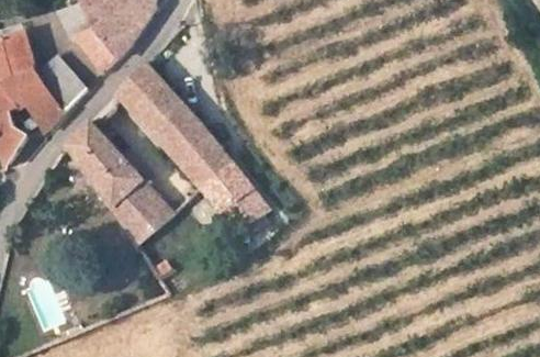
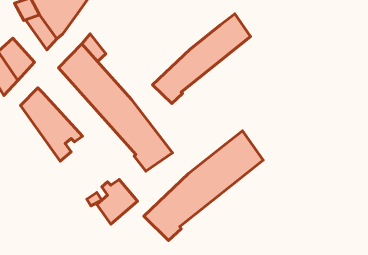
building: none -> [153,14,251,103]
building: none -> [144,131,263,241]
building: [119,185,172,244] -> [97,179,137,224]

